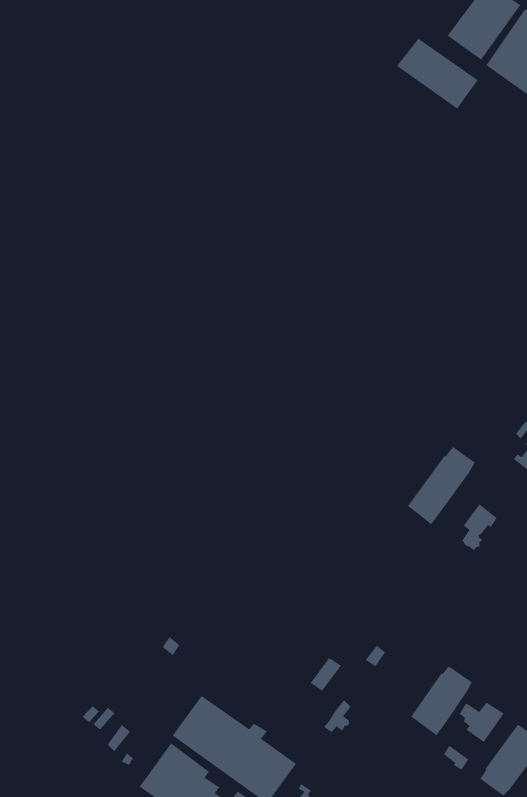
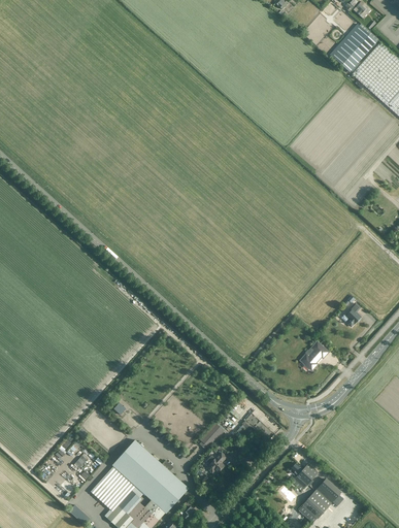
building: [396,38,479,110] -> none
building: [407,446,475,525] -> none
building: [411,665,472,736] -> none

